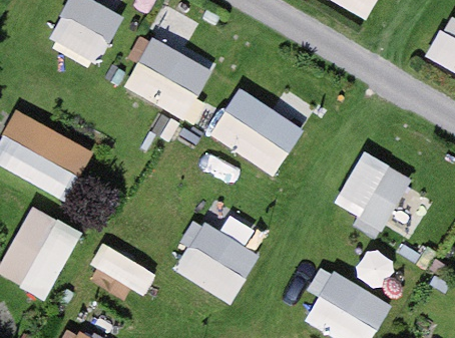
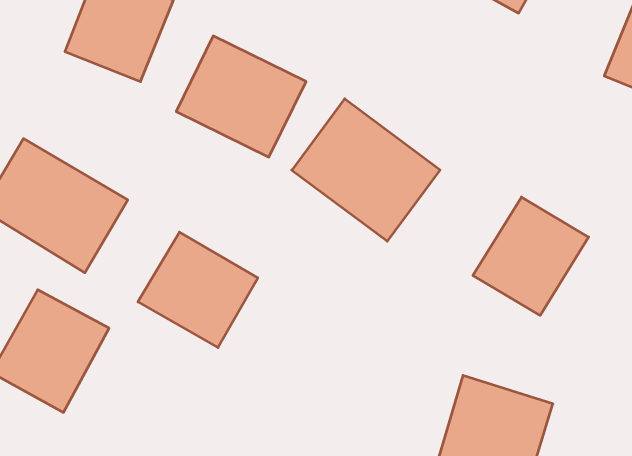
building: [173,222,258,303] -> [138,232,258,348]

